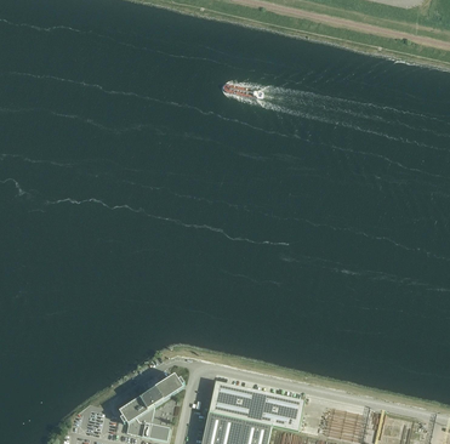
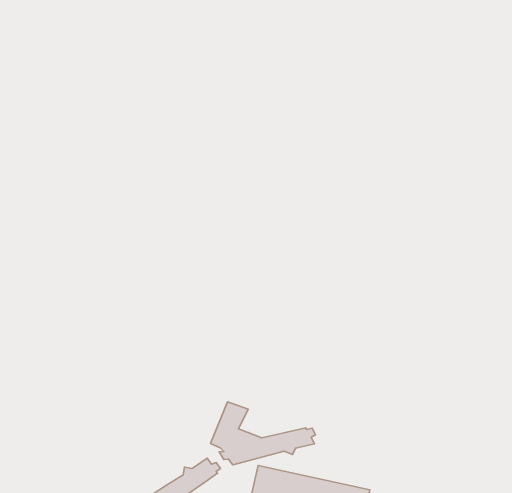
building: none -> [210,402,315,465]

